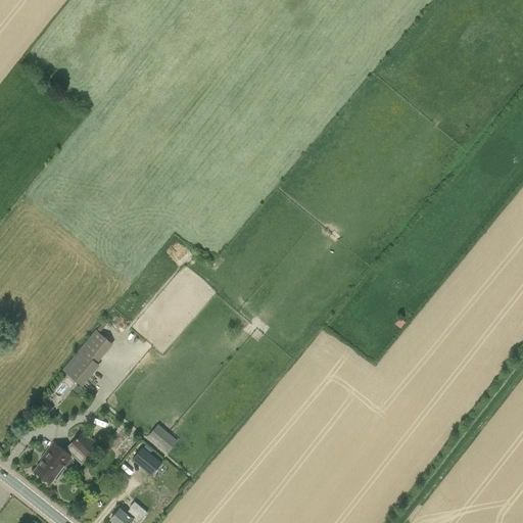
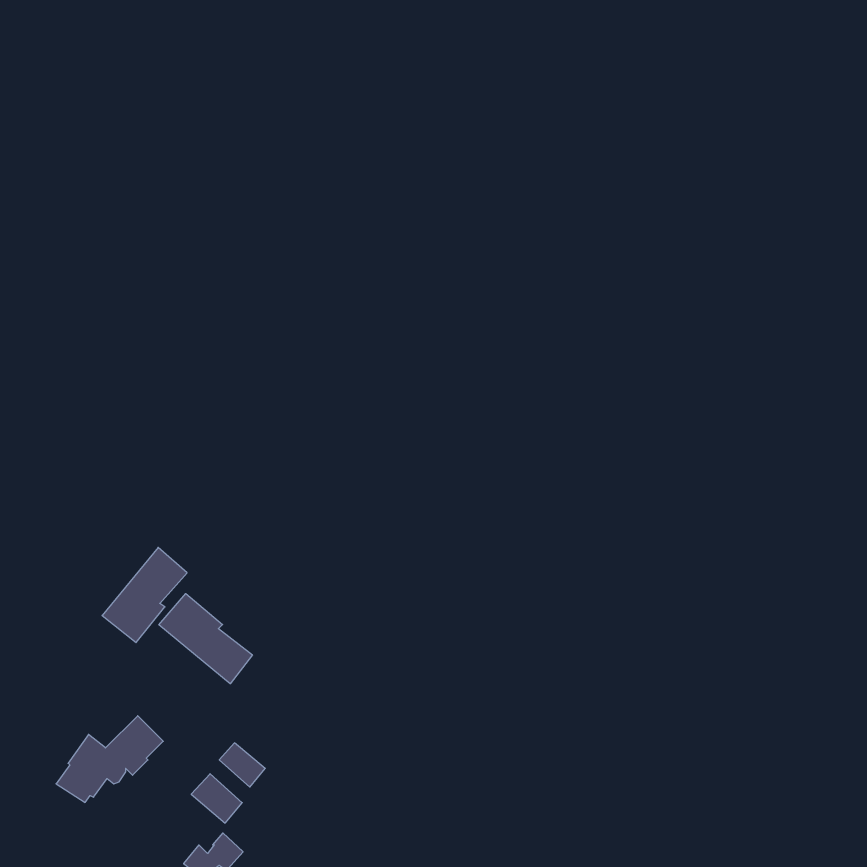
building: none -> [159,594,252,684]
building: [146,425,177,455] -> [191,774,242,823]

